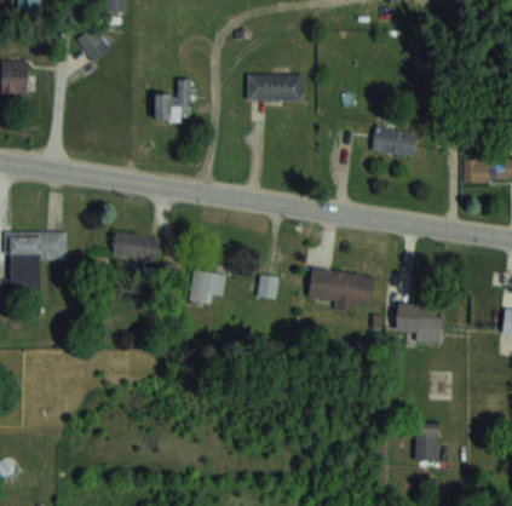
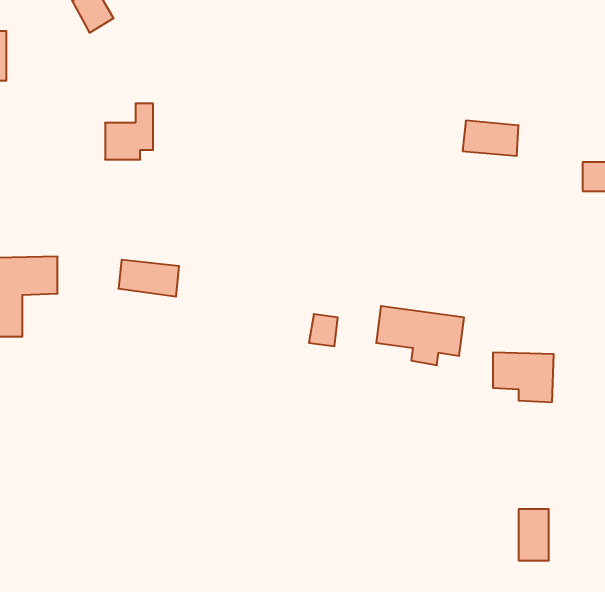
building: [247,74,304,100] -> none
building: [155,80,191,122] -> [105,104,153,160]
building: [189,270,225,306] -> none

